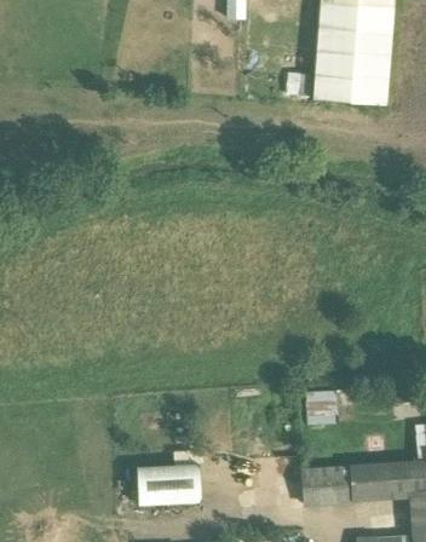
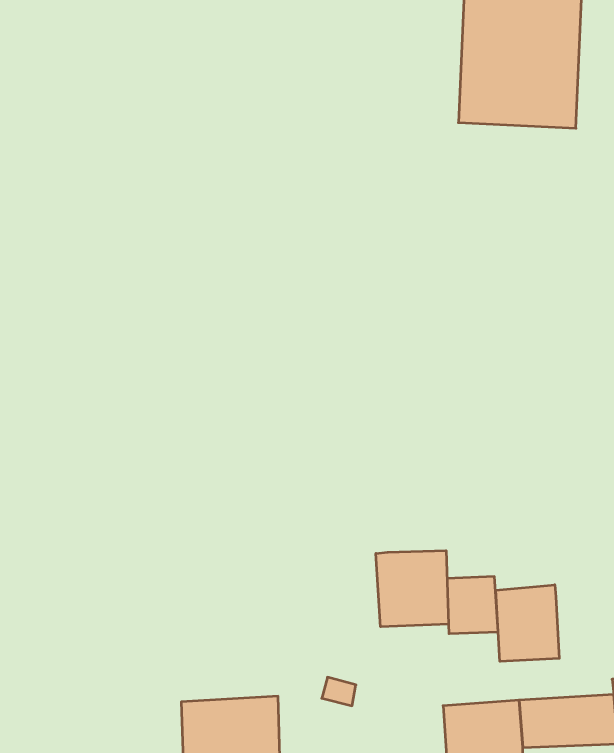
building: none -> [376,551,448,627]
building: none -> [496,585,559,661]

